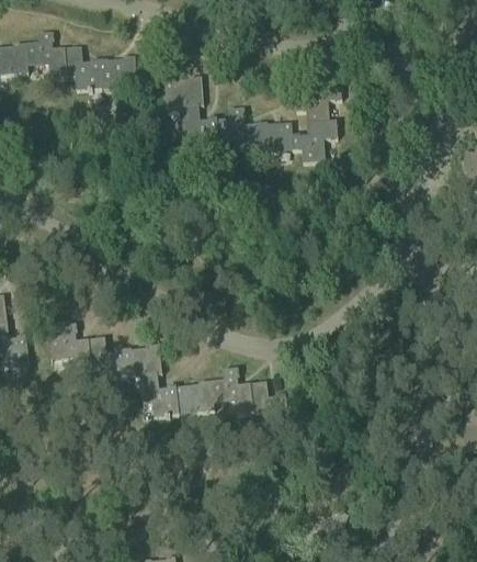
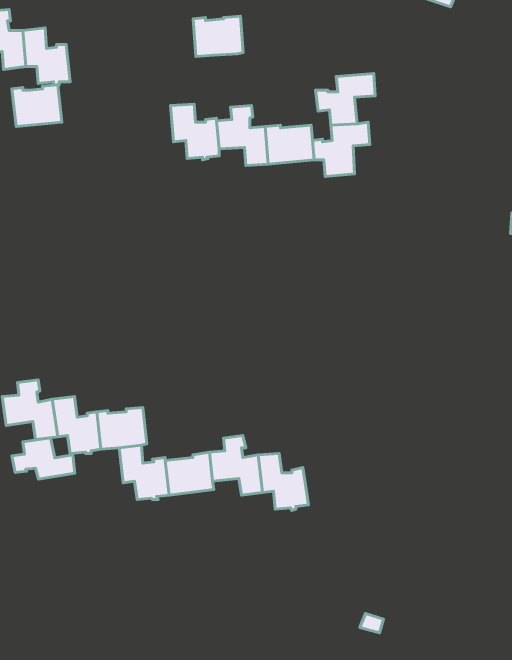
building: [96,56,136,89] -> [12,85,62,126]
building: [162,77,202,109] -> [193,16,243,57]
building: none -> [12,438,75,479]

